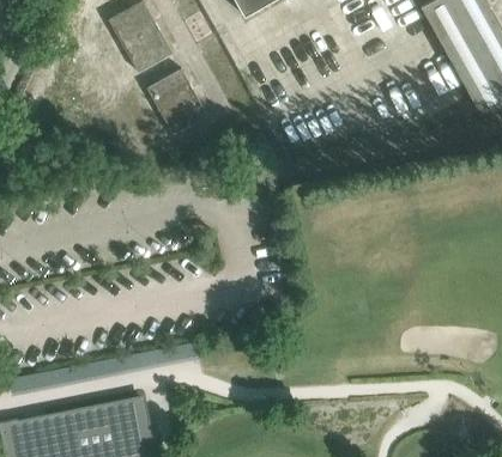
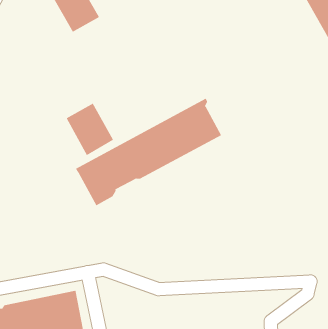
building: [145,65,206,132] -> [66,103,114,156]
building: none -> [75,98,222,206]

